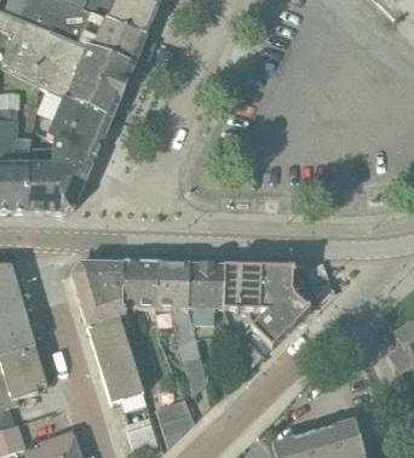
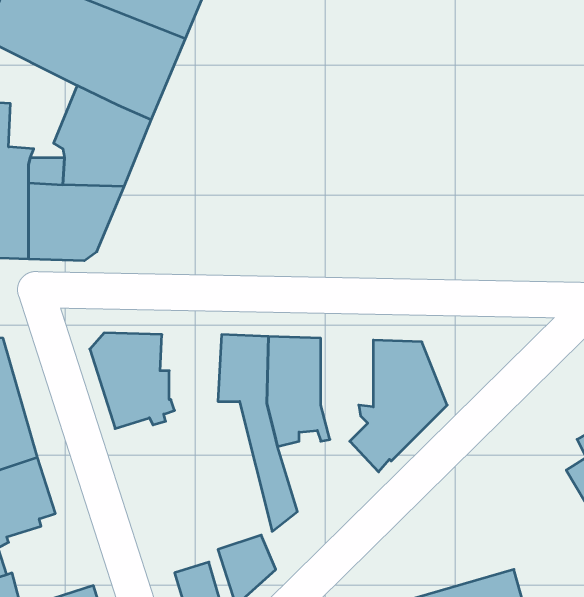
building: [117,261,159,307] -> none
building: [225,264,264,373] -> none
building: [87,317,143,401] -> none

